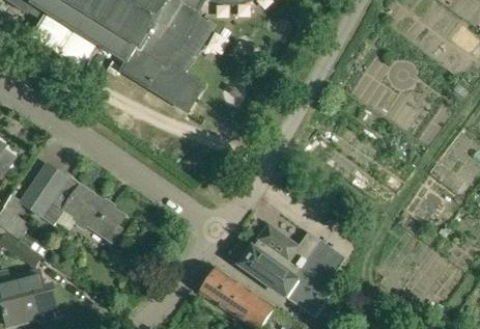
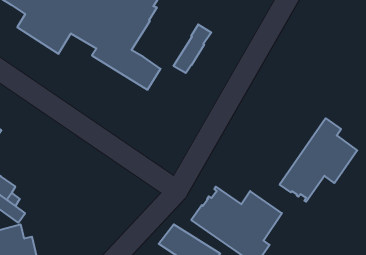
building: [168,15,213,72] -> [173,24,211,73]
building: none -> [280,118,357,202]
building: [19,162,124,244] -> none

